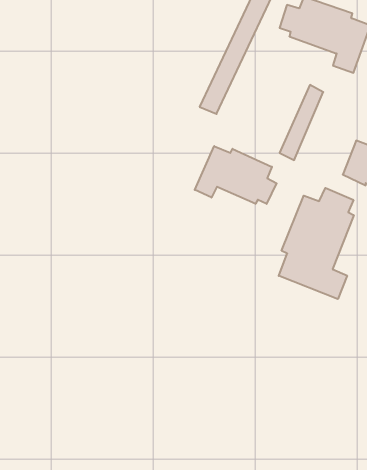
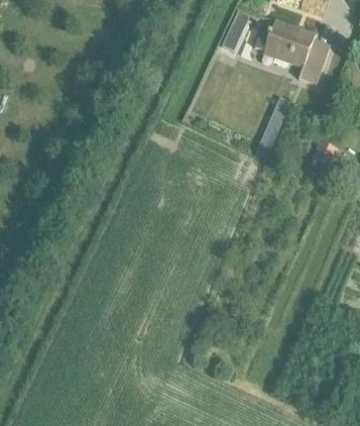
building: [195,146,277,204] -> none
building: [279,188,354,299] -> none

